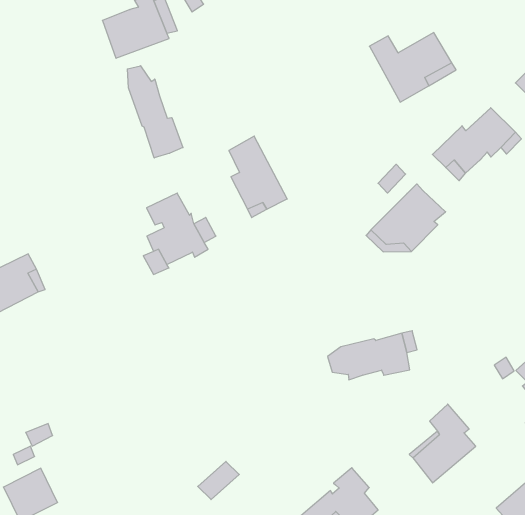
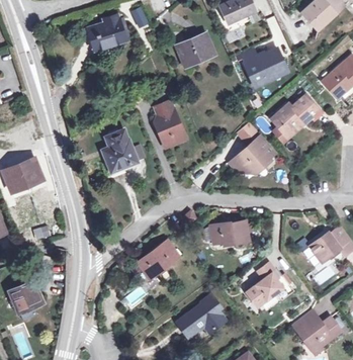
building: none -> [178,33,212,64]
building: [127,66,183,158] -> none
building: none -> [129,240,179,278]

